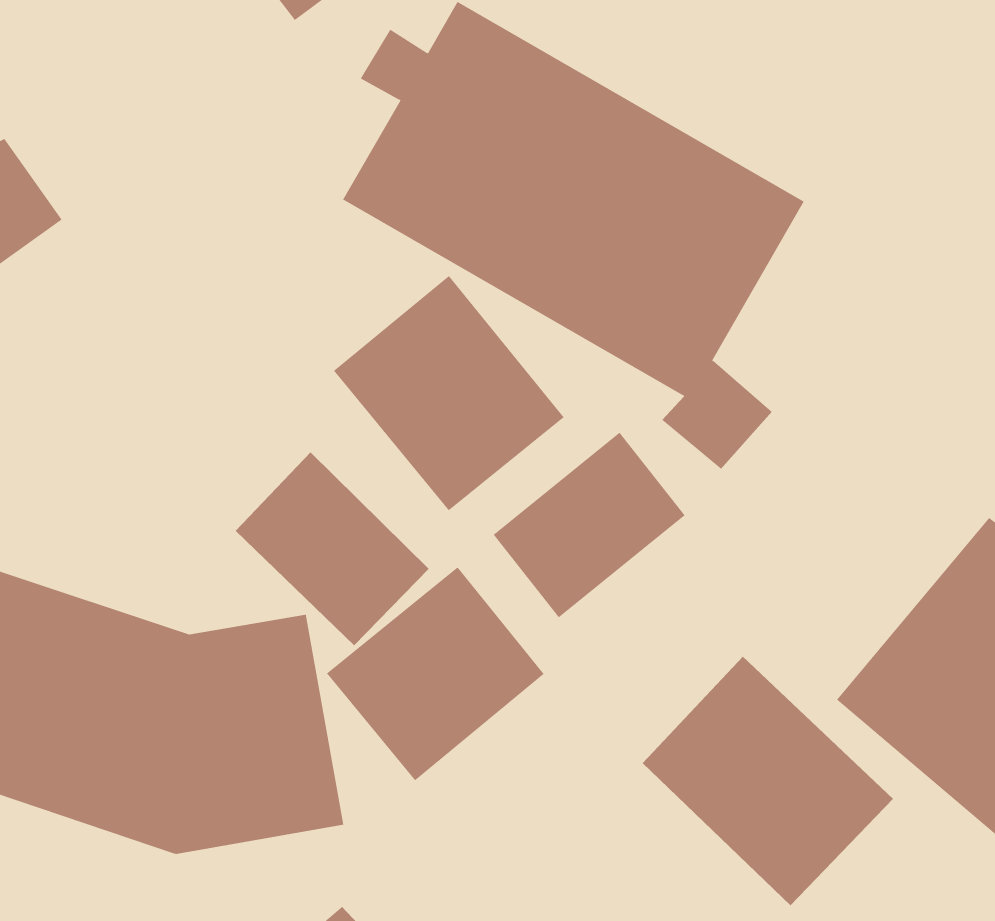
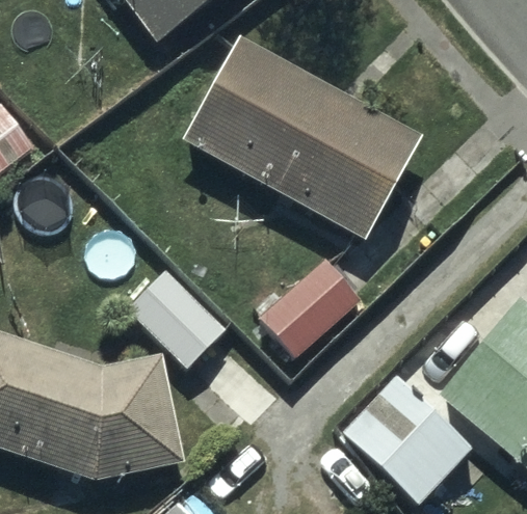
building: [333,275,565,511] -> none
building: [326,567,545,781] -> none

